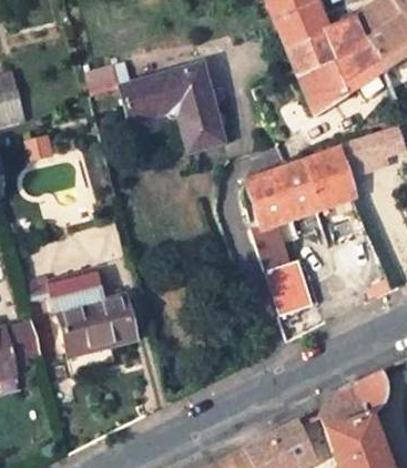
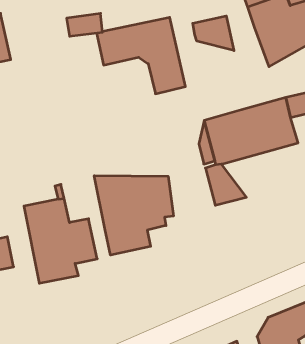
building: none -> [193,16,234,51]
building: none -> [94,176,173,255]
building: [265,261,313,315] -> none

